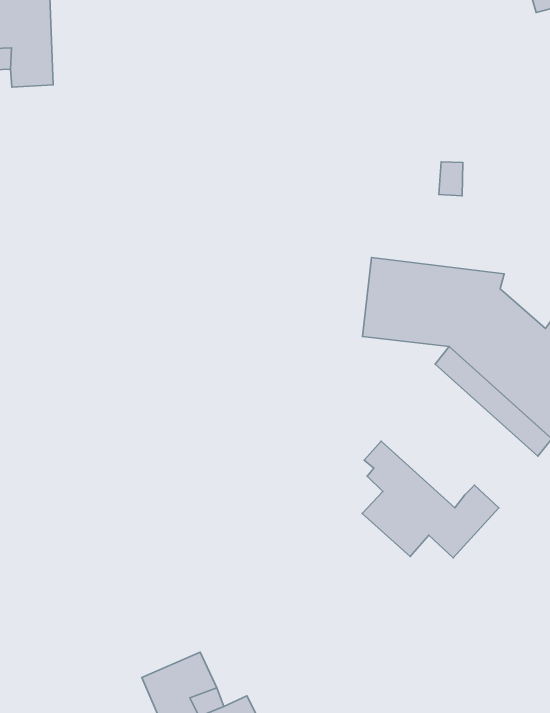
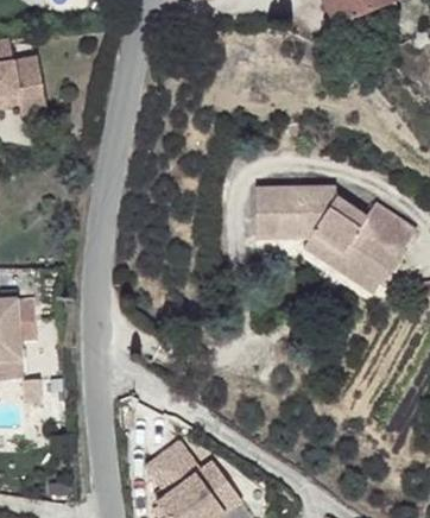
building: [362,441,499,558] -> none

